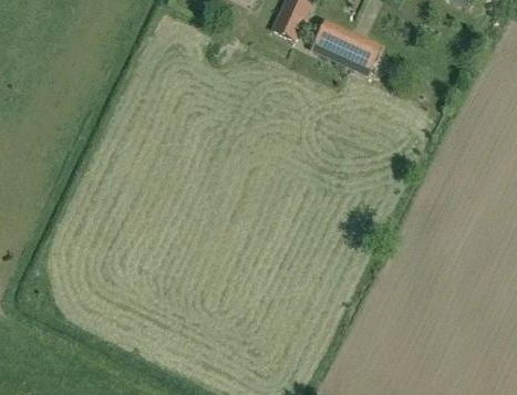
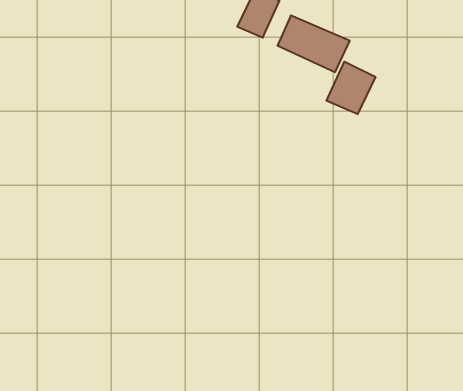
building: none -> [326,62,375,114]

